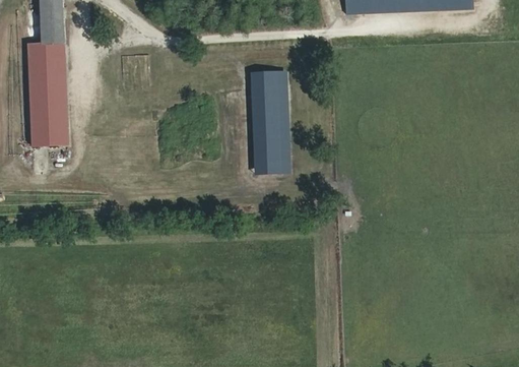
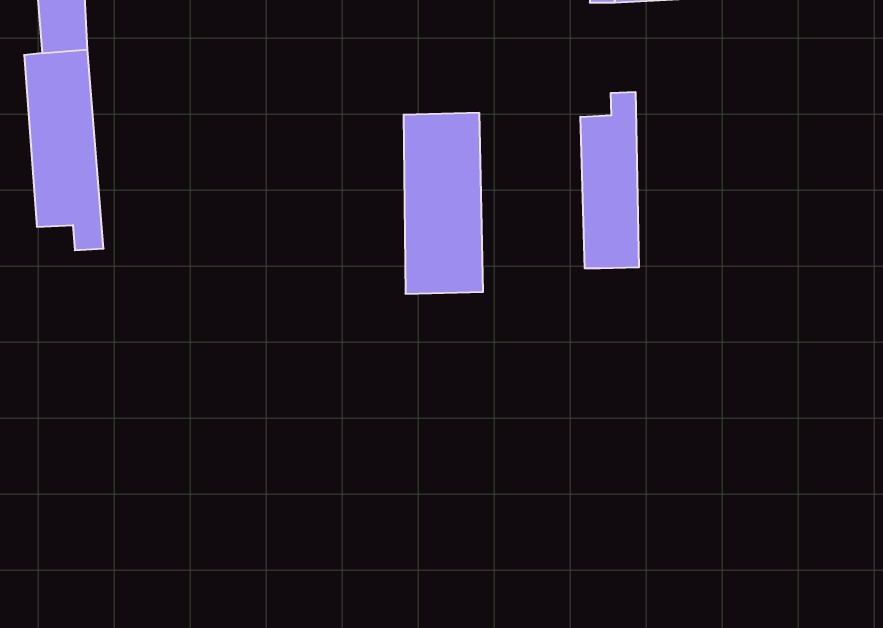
building: none -> [580,92,639,268]

